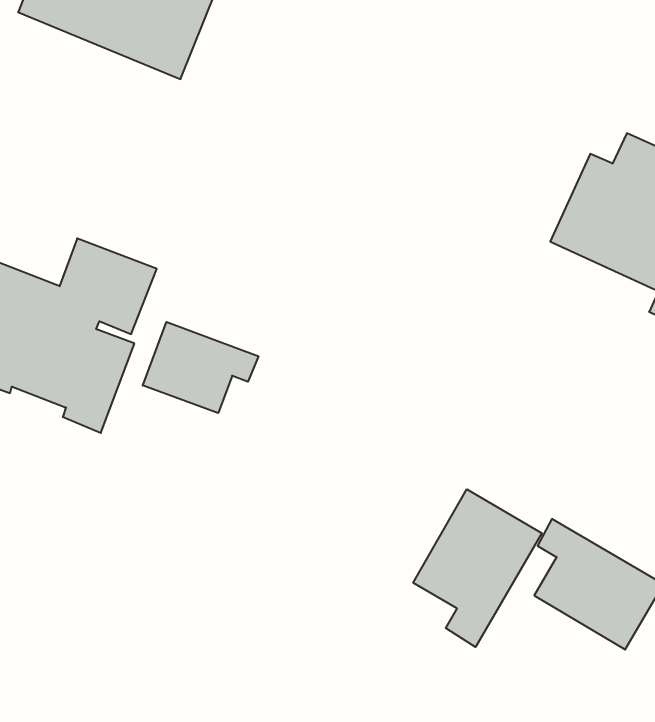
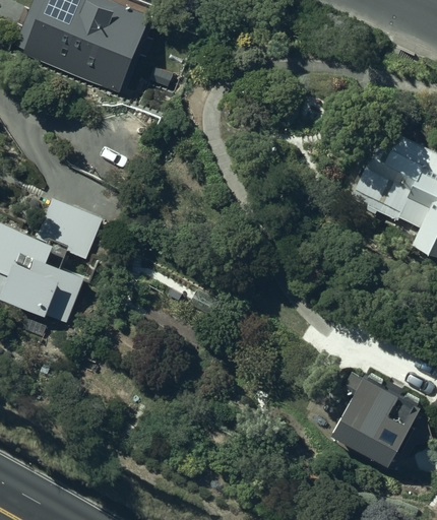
building: [143,322,258,413] -> none
building: [413,489,542,647] -> none

